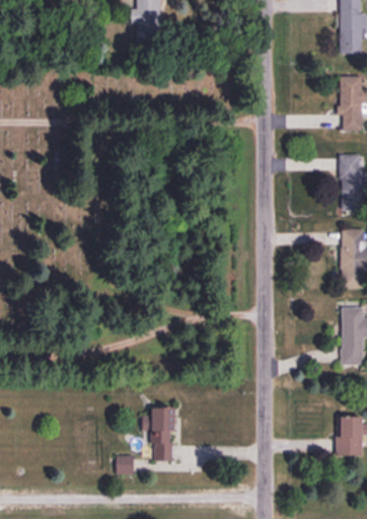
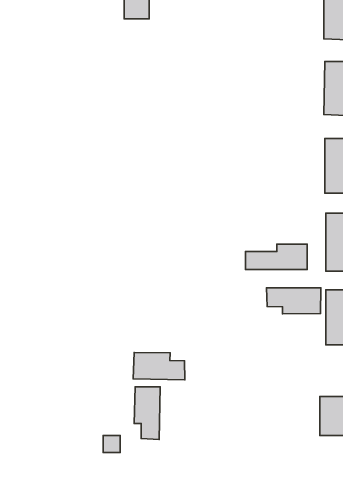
building: none -> [245,244,307,269]
building: none -> [266,288,321,314]
building: none -> [133,353,185,380]

